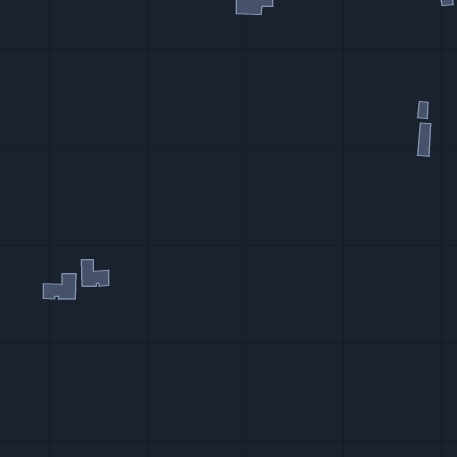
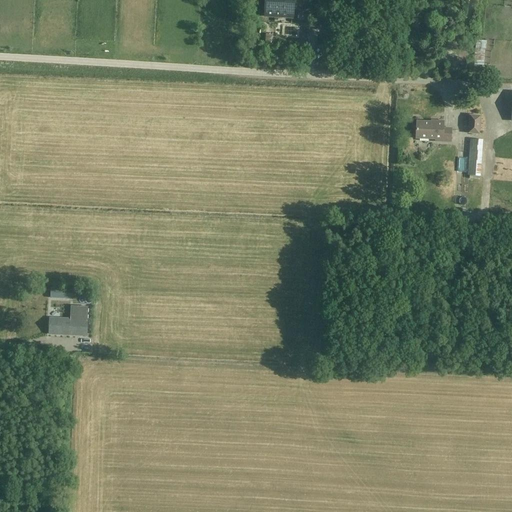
building: none -> [412,119,448,141]
building: [82,260,109,286] -> none

